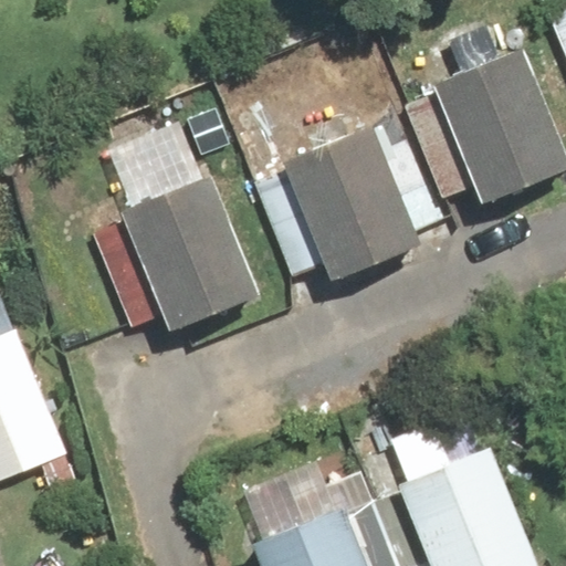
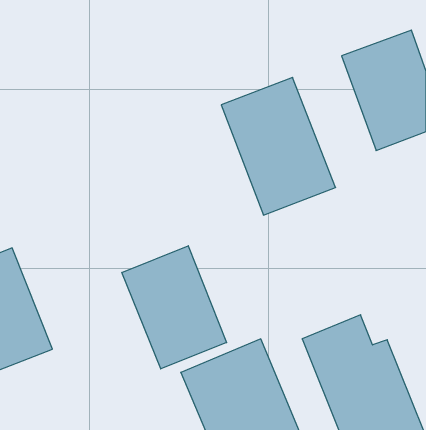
building: [81,172,268,337] -> none
building: none -> [122,246,227,369]

